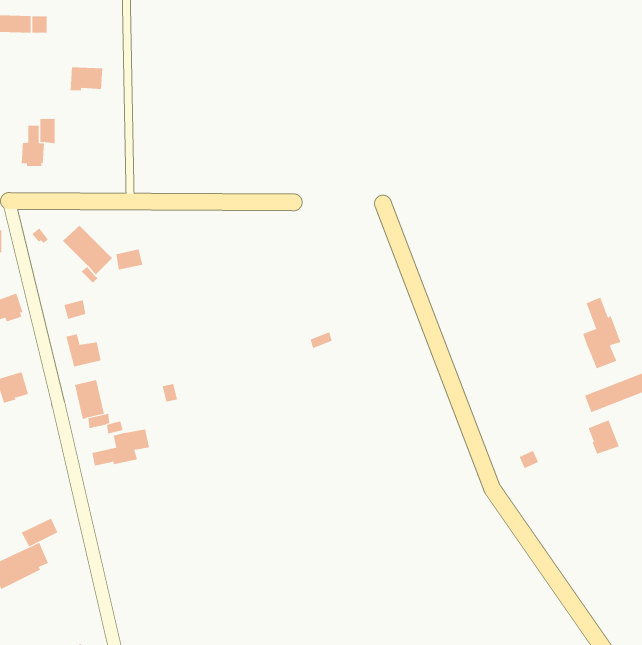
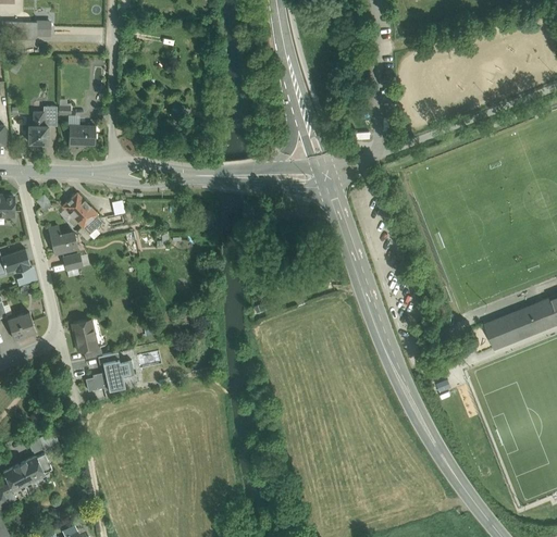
building: [70,67,103,91] -> [69,126,96,146]
building: [582,297,621,369] -> none
building: [66,334,101,367] -> [48,227,77,254]
building: [588,419,619,455] -> none

